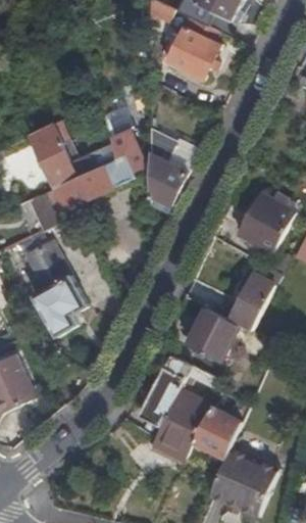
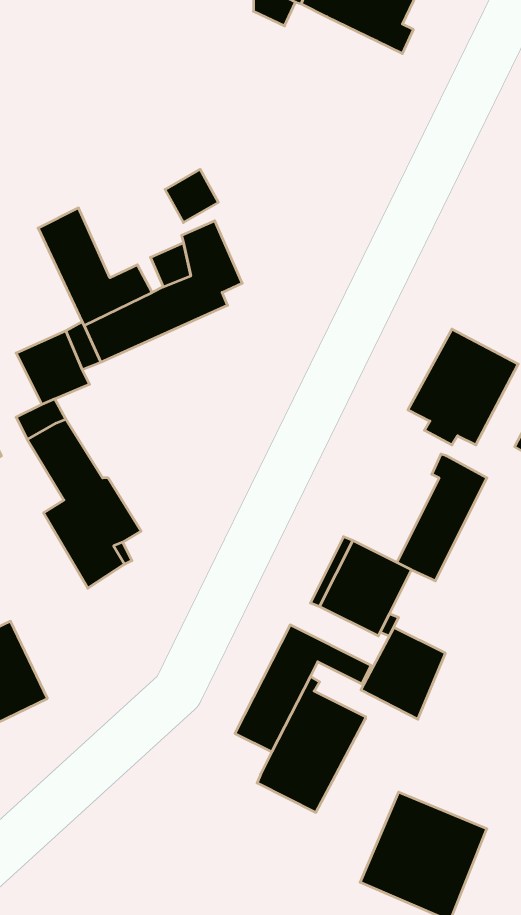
building: [166,16,220,80] -> none
building: [149,131,196,204] -> none
building: [193,407,240,458] -> [361,627,445,719]

